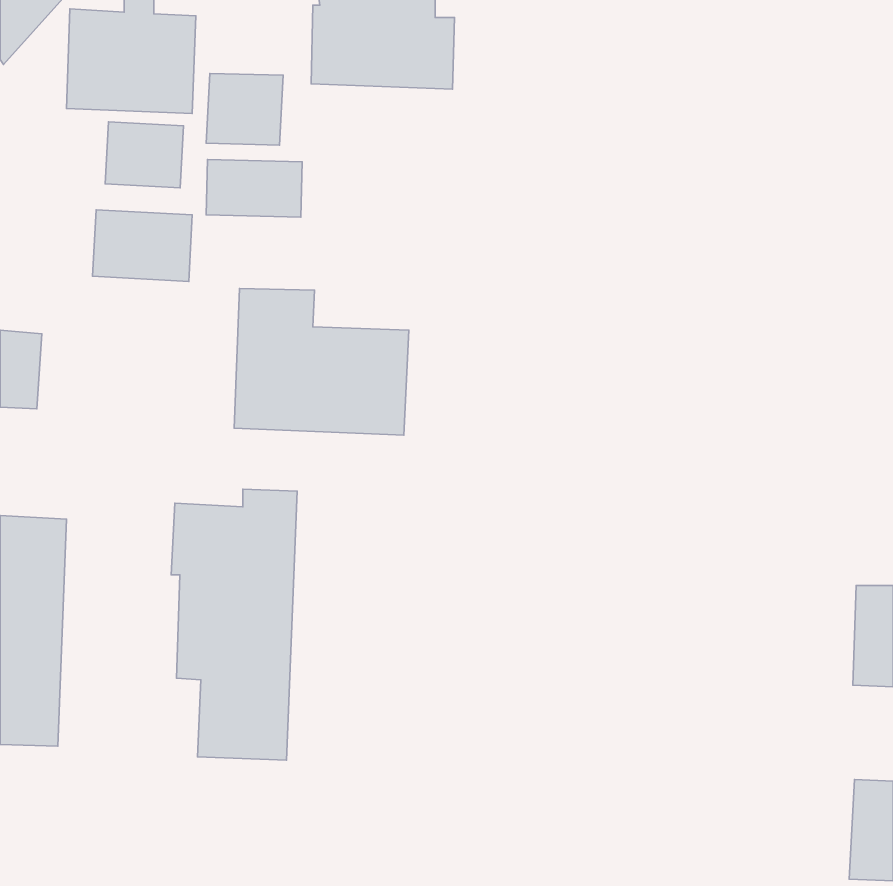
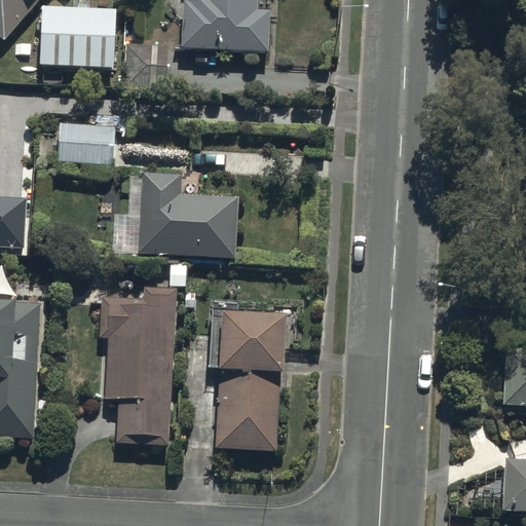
building: [105,122,184,188] -> none
building: [206,160,302,217] -> none
building: none -> [217,311,287,449]

